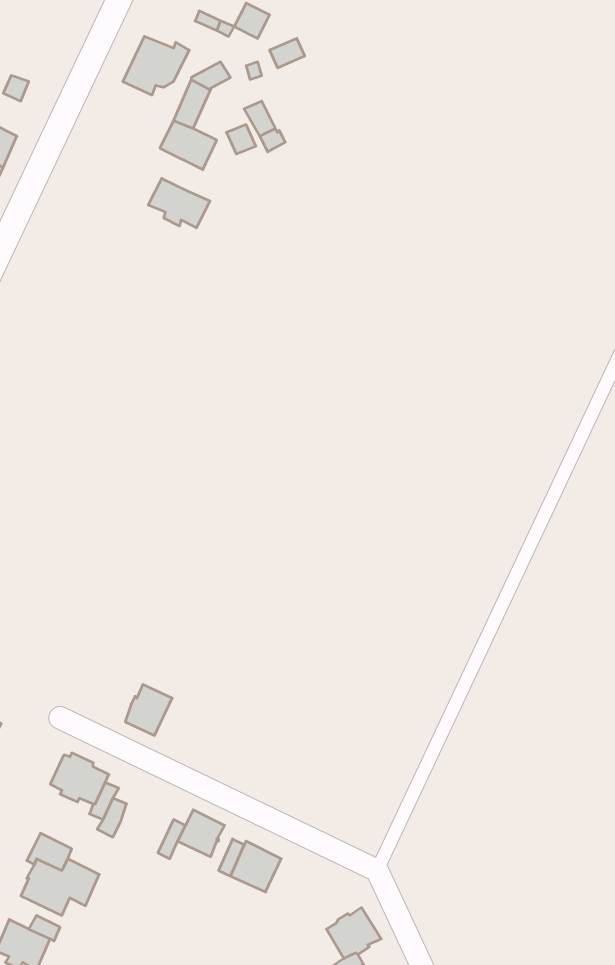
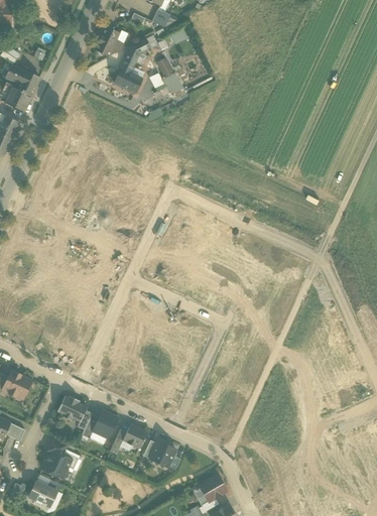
building: [148,178,210,228] -> none
building: [125,684,172,735] -> [93,412,117,438]

